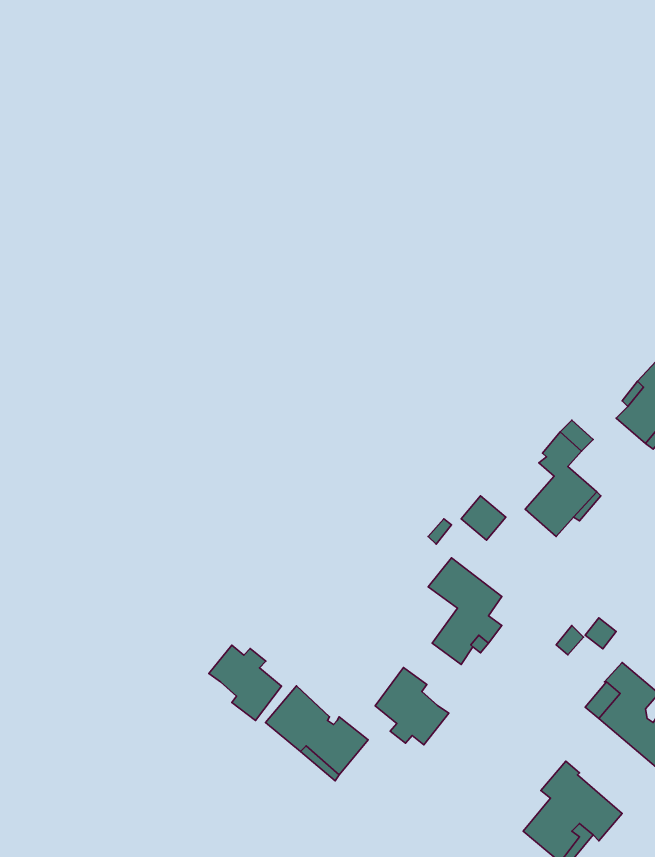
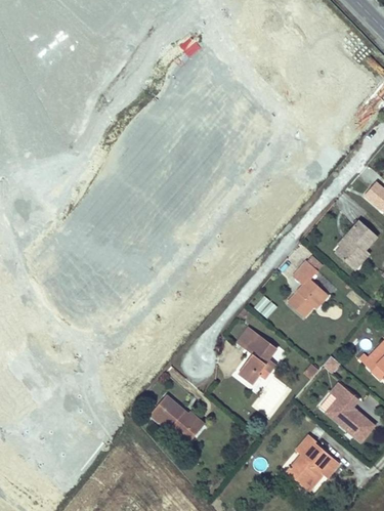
building: [209,645,281,721] -> none
building: [375,668,449,745] -> none

